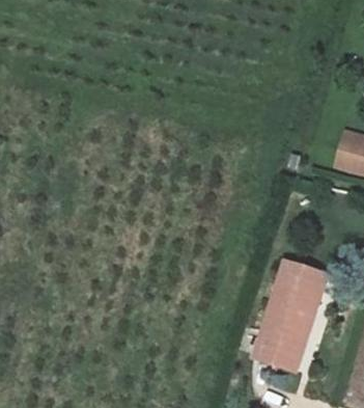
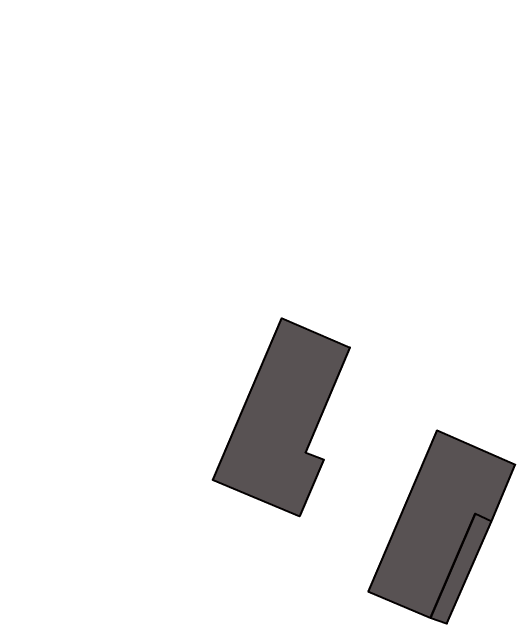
building: none -> [213,318,350,516]

